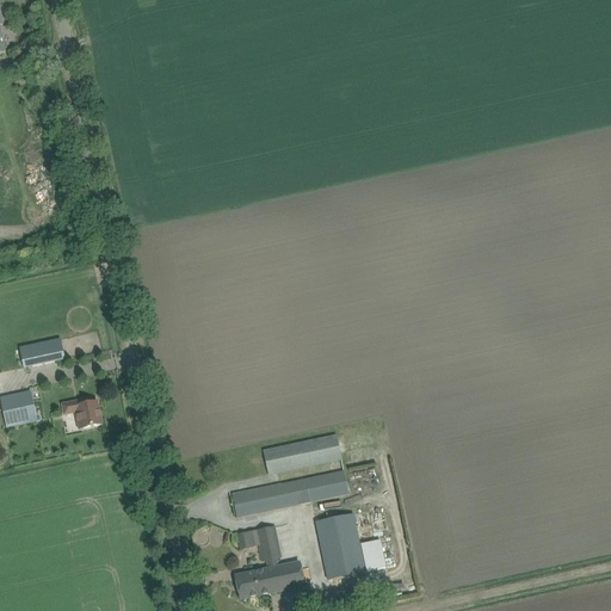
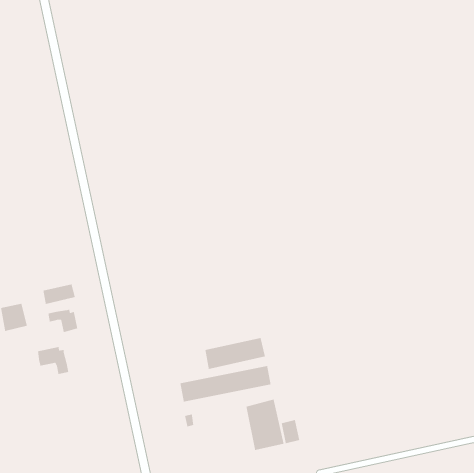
building: [20,339,63,366] -> [42,284,76,305]
building: none -> [37,346,69,375]
building: [235,525,303,598] -> none

